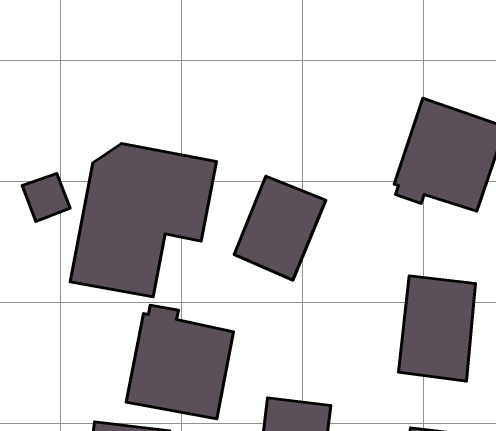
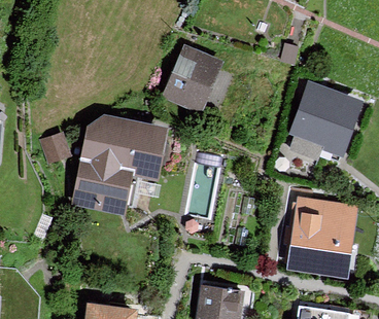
building: [234,176,326,280] -> [164,44,227,115]
building: [126,305,233,419] -> none

